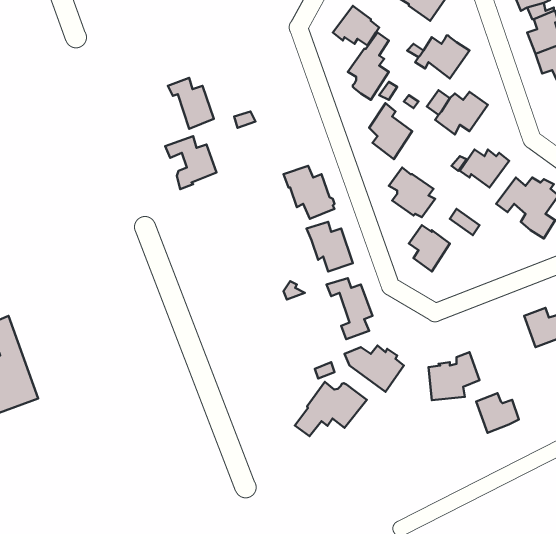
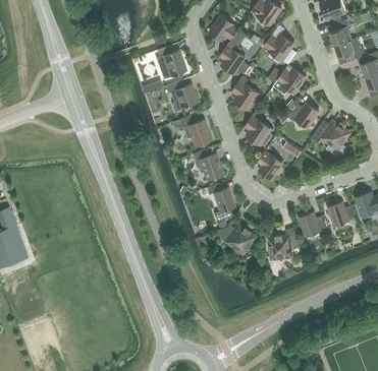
building: [168,78,214,129] -> [157,45,185,76]
building: [165,136,216,189] -> [165,79,197,112]
building: [295,382,367,436] -> none
building: [476,393,519,433] -> [300,211,326,236]

